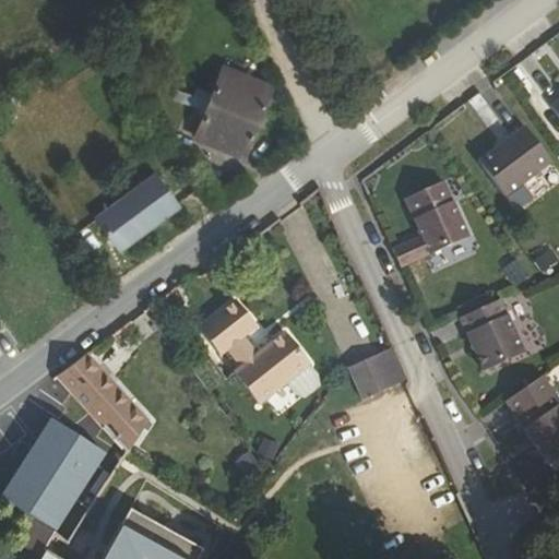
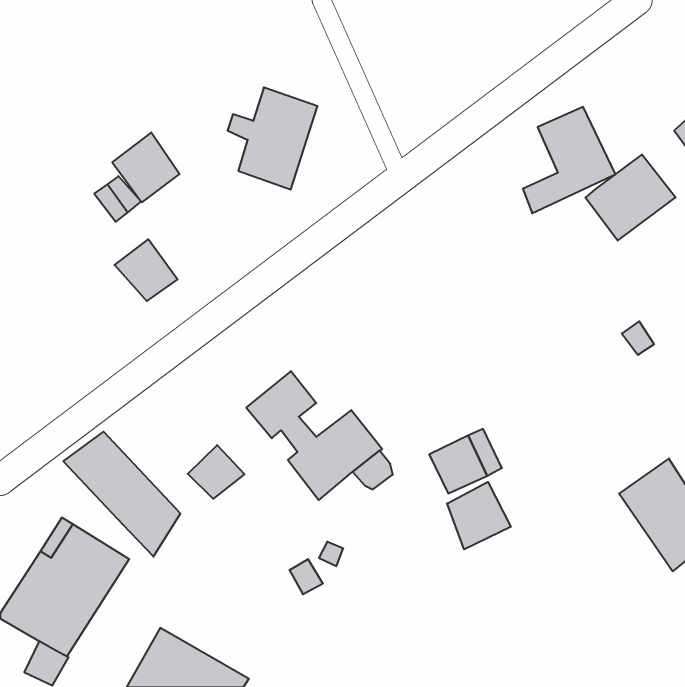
building: [122,170,177,227] -> [112,132,180,202]
building: [395,182,471,269] -> [523,107,616,213]
building: [459,297,523,368] -> none
building: none -> [188,445,244,499]
building: none -> [447,482,511,549]

